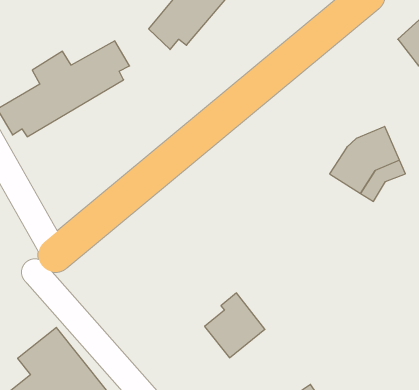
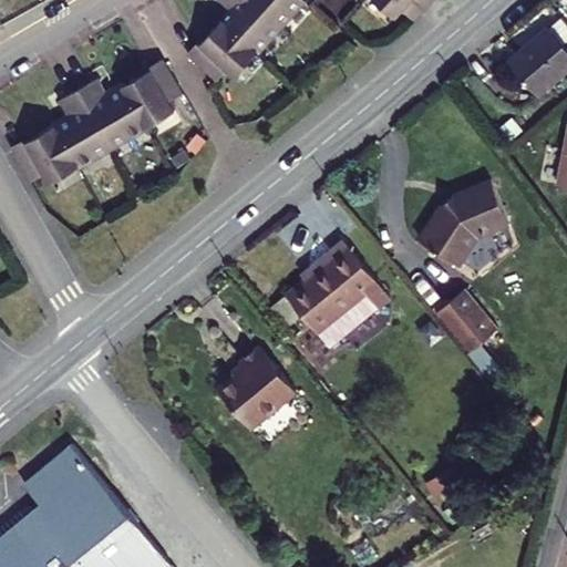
building: none -> [282,245,385,351]
building: none -> [436,289,496,352]
building: [205,293,265,358] -> [218,344,296,427]

